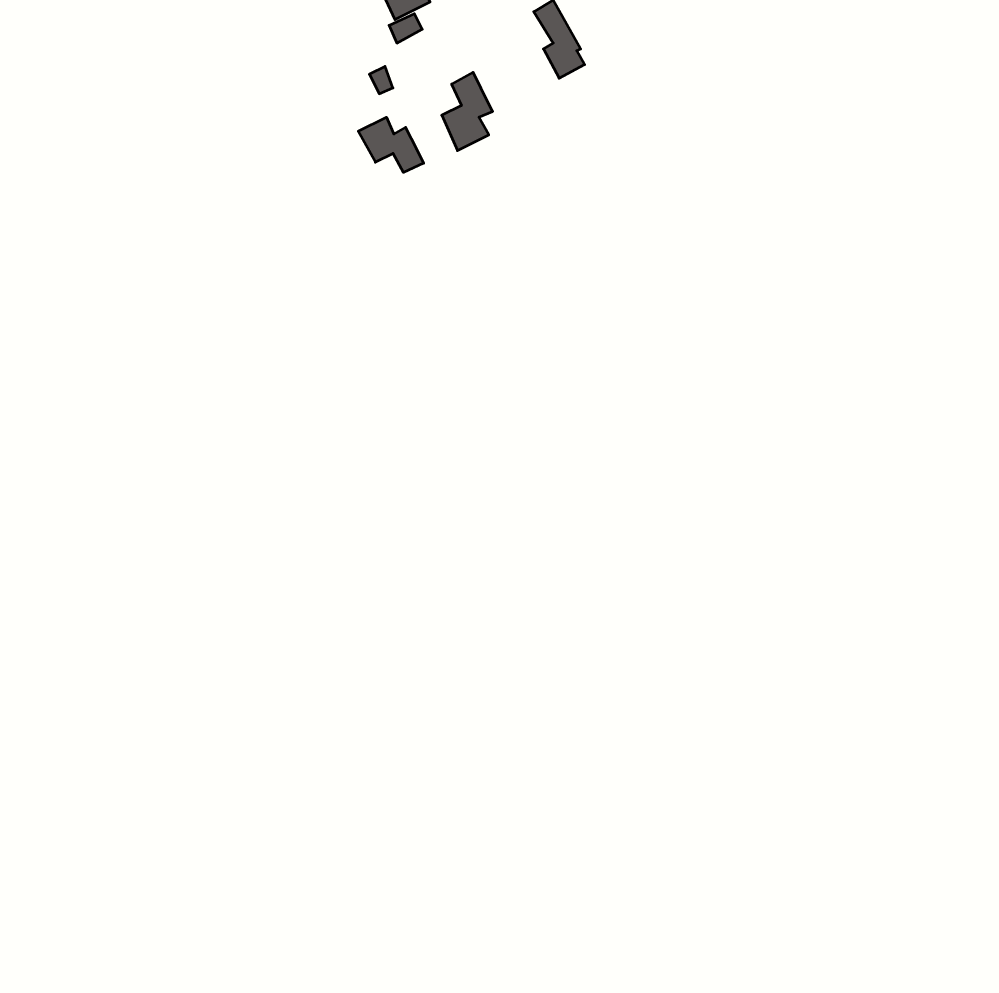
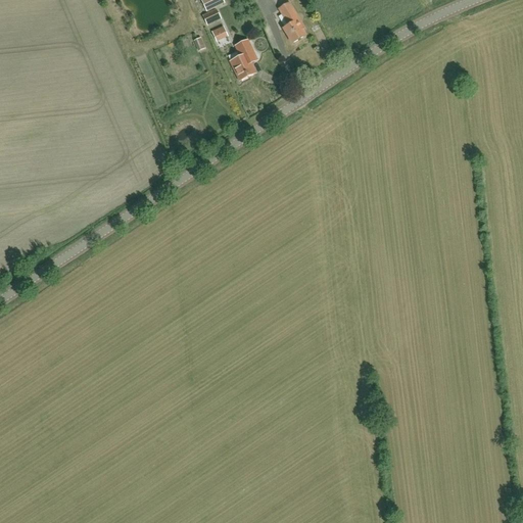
building: [358,117,424,172] -> none

